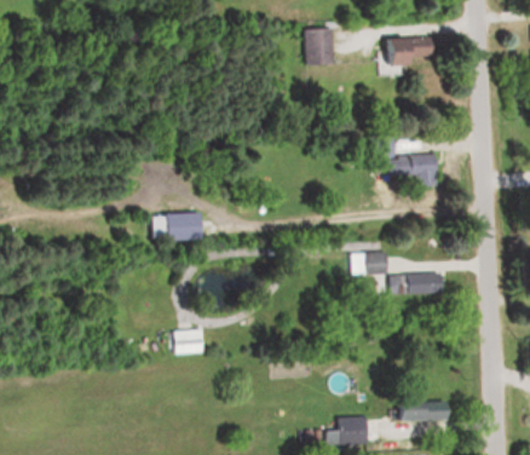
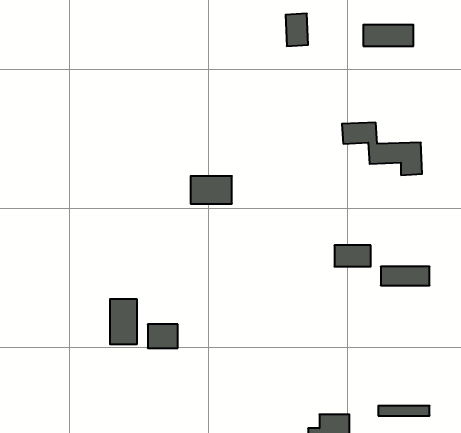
building: [163,213,203,240] -> [191,176,232,204]
building: none -> [110,299,137,344]

